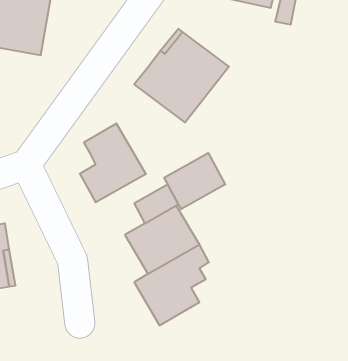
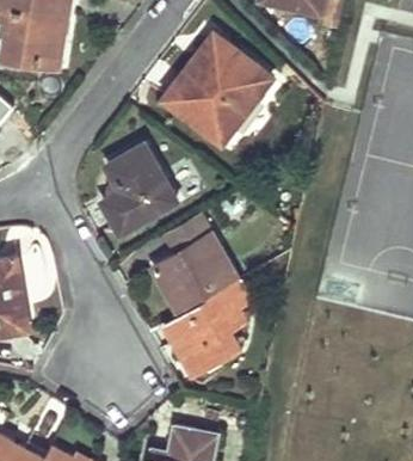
building: [164,153,225,209] -> none

